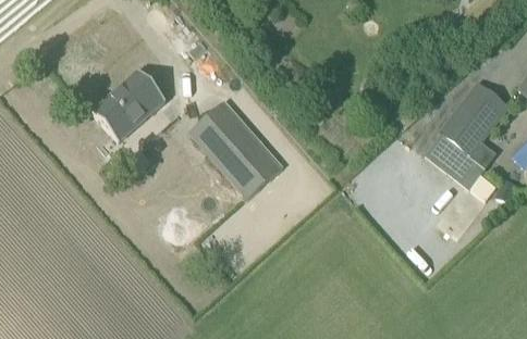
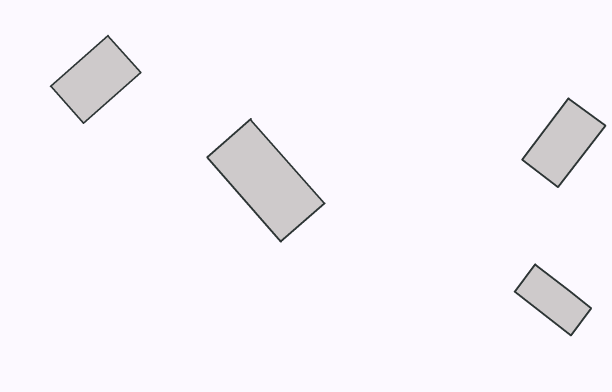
building: [93,71,164,140] -> [51,36,141,123]
building: [425,133,486,189] -> [515,264,591,335]

